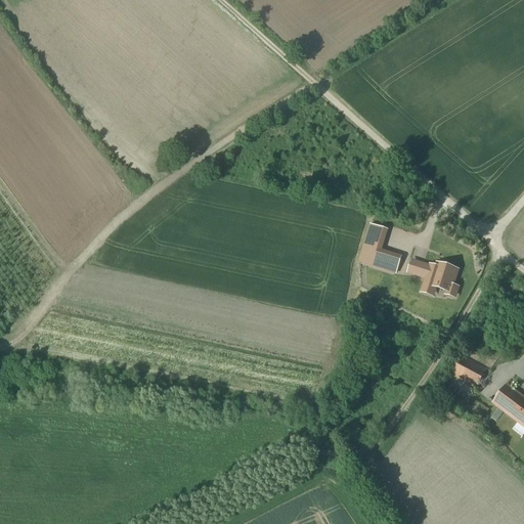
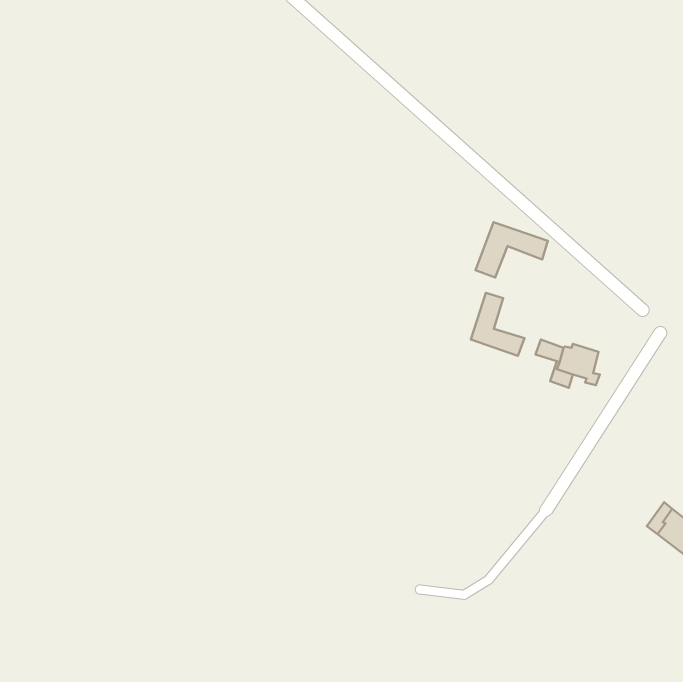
building: none -> [476,222,548,278]
building: [454,354,489,385] -> none

